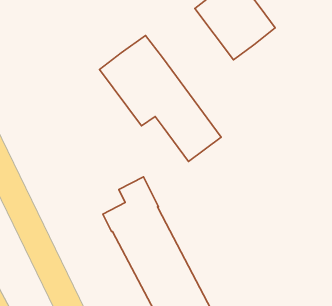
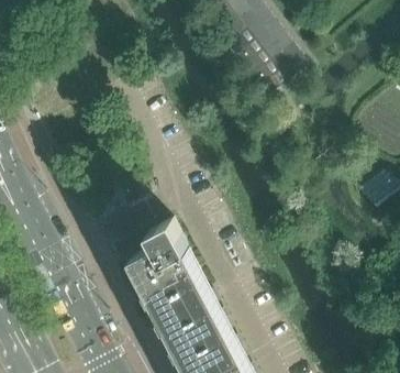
building: [99,36,221,162] -> none

